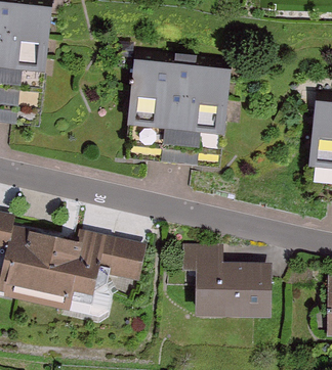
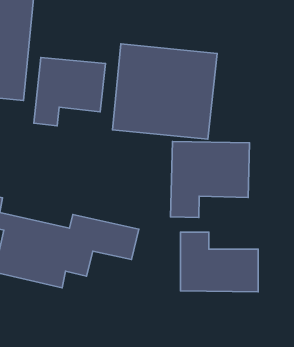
building: none -> [34,57,105,126]
building: none -> [171,142,250,218]

